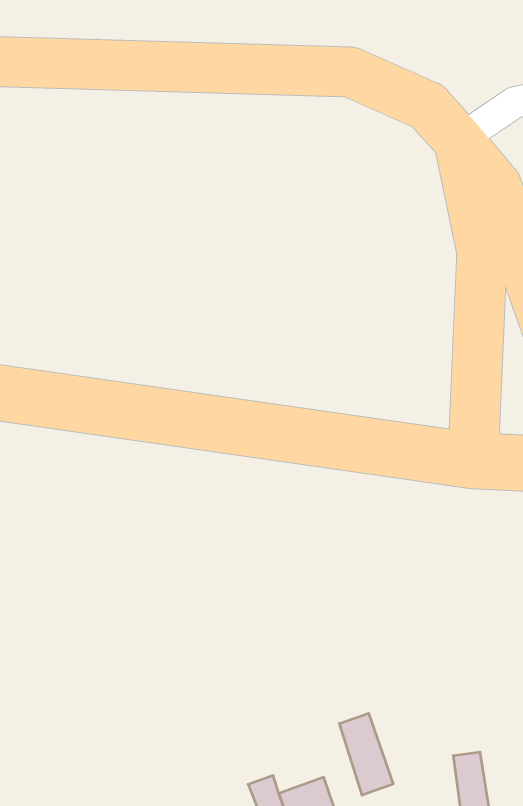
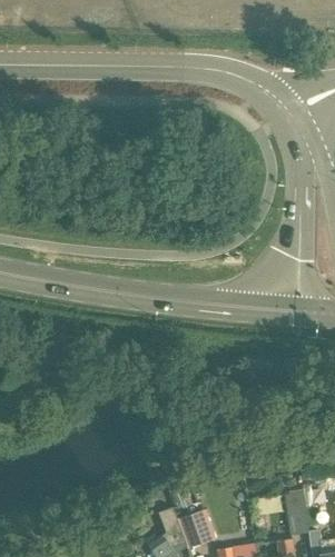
building: [339,713,393,795] -> none

